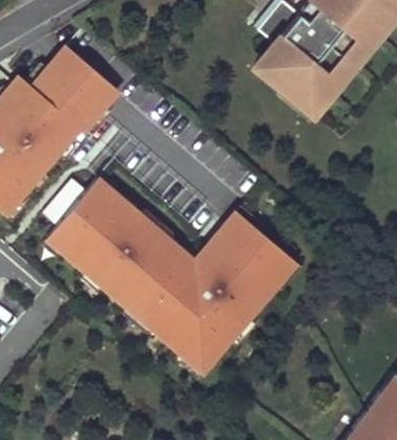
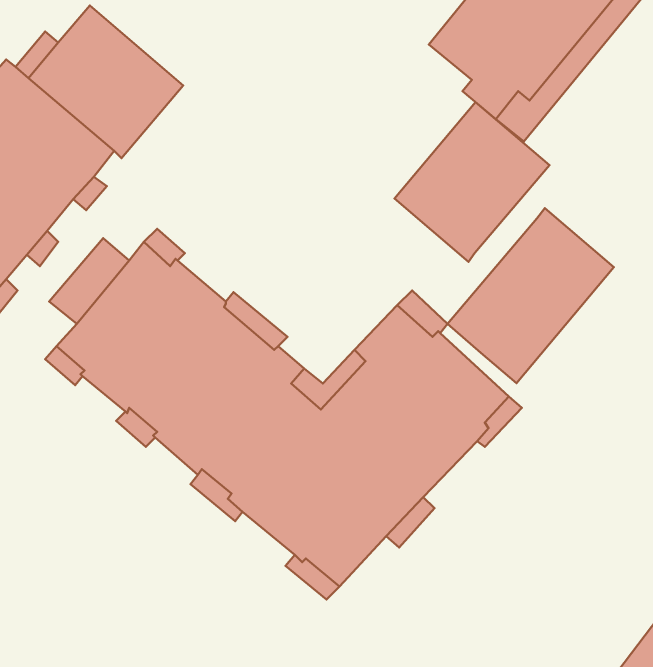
building: none -> [395,102,549,262]
building: none -> [447,208,614,383]

